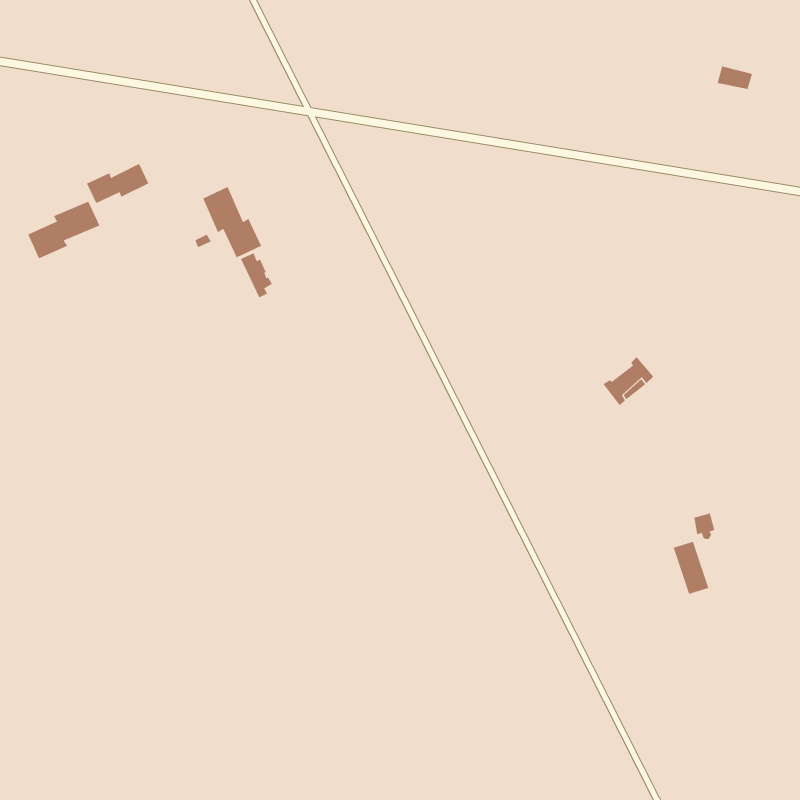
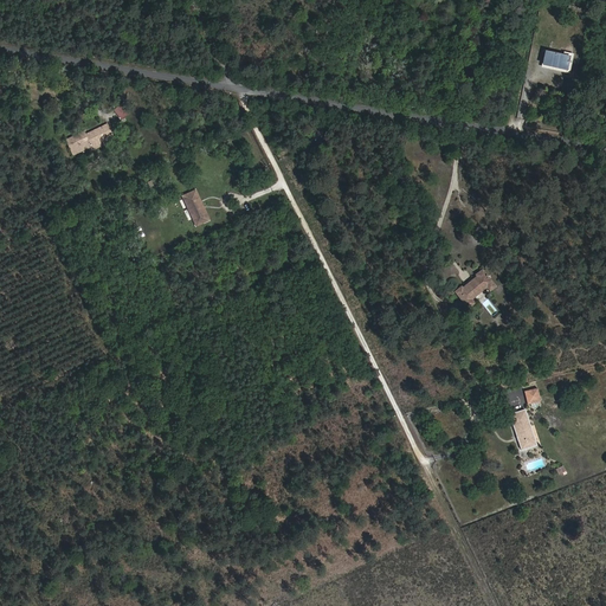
building: [203,186,262,258] -> none
building: [27,201,100,259] -> none

